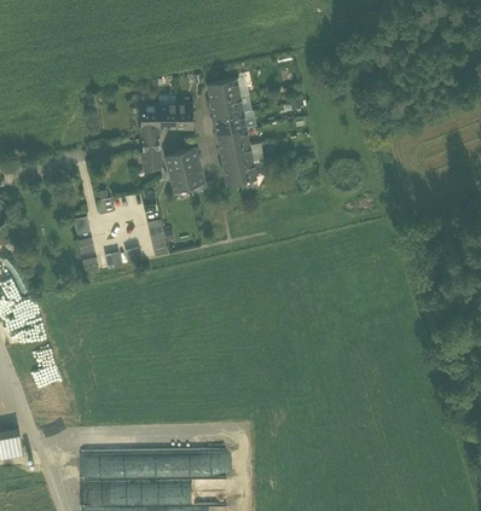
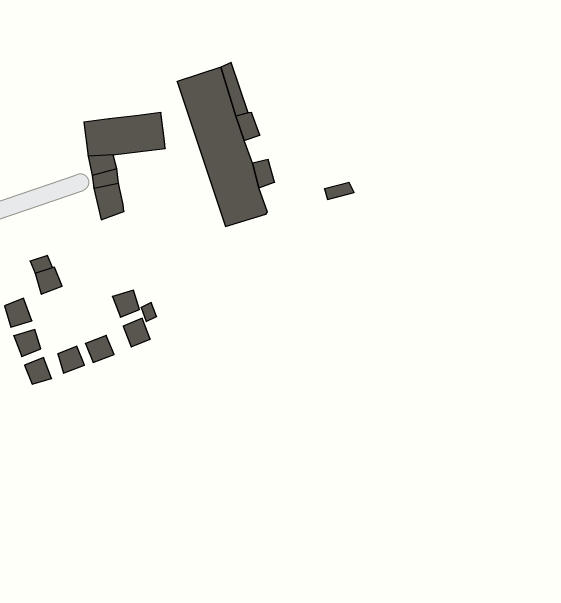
building: [164,147,202,192] -> none

